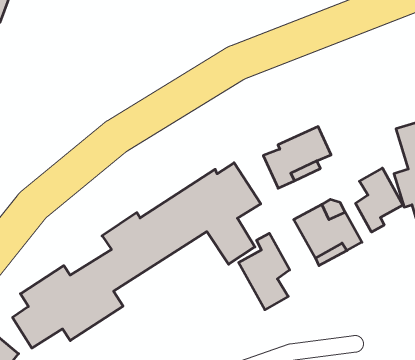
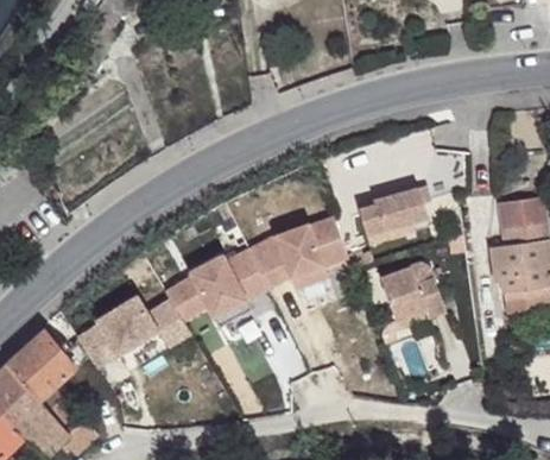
building: [356,168,403,232] -> none
building: [239,233,290,310] -> none

